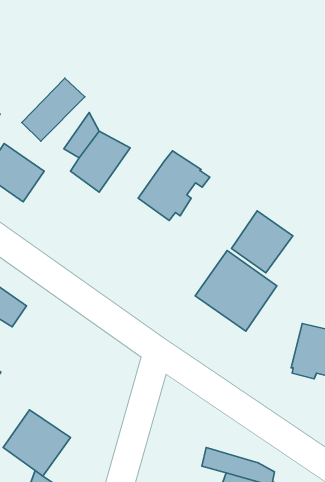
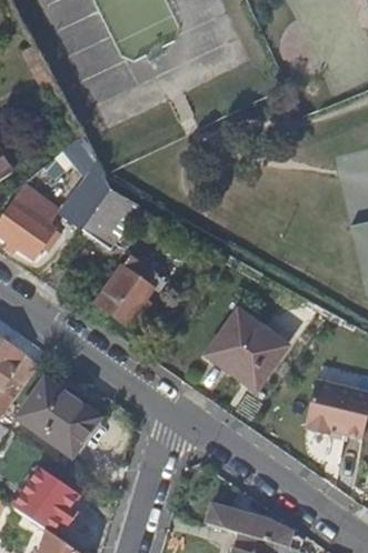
building: [138,151,210,220] -> [95,254,167,324]
building: [231,211,293,273] -> none
building: none -> [16,372,103,455]

